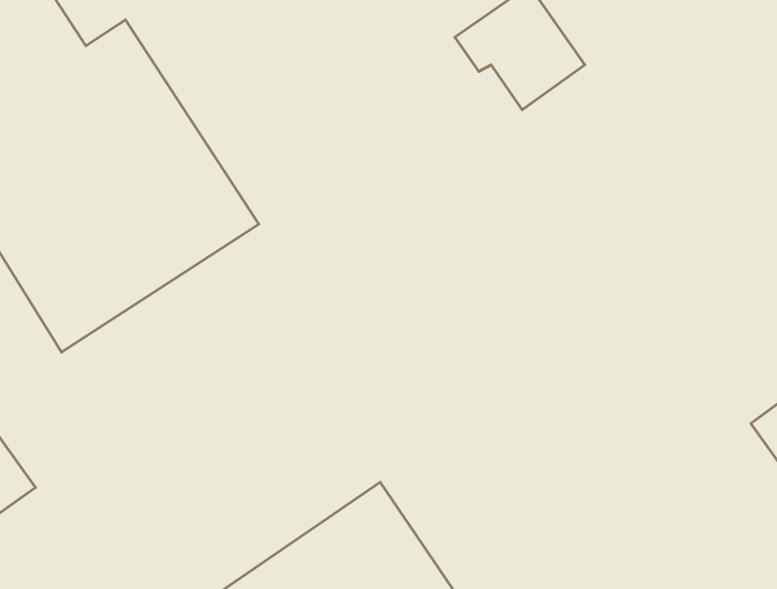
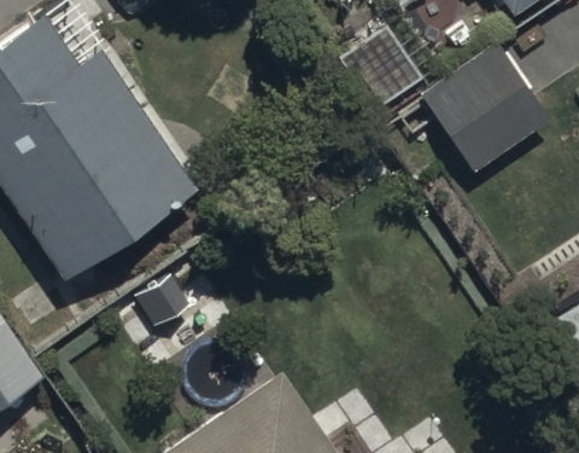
building: none -> [419,42,552,176]

